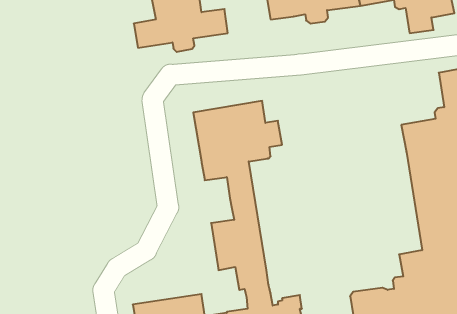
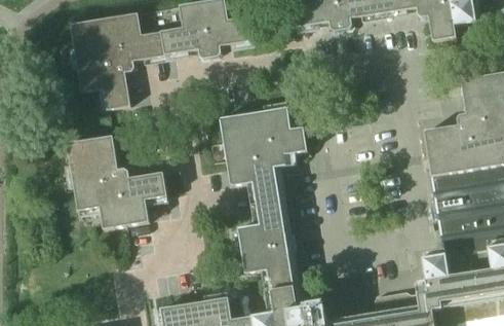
building: none -> [70,12,165,109]
building: none -> [67,136,166,228]

